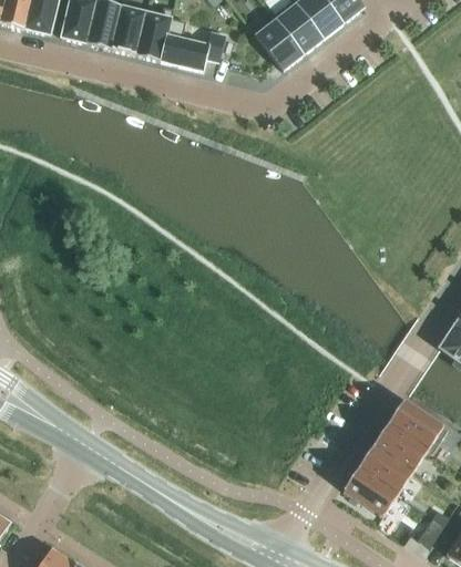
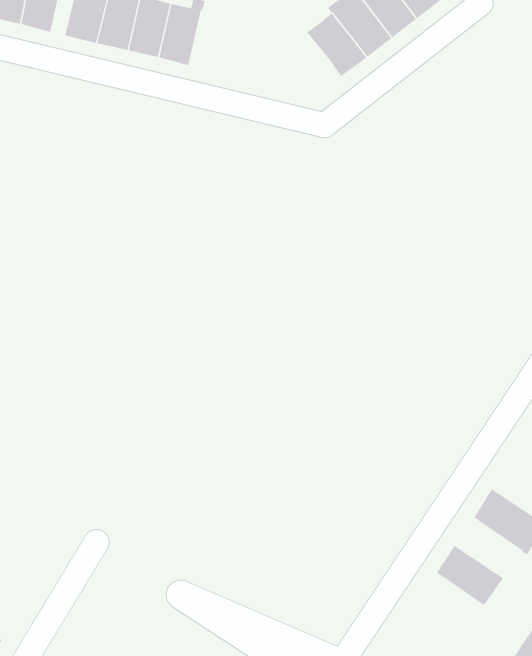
building: [161,17,226,71] -> none
building: [373,423,428,472] -> none
building: [344,467,398,517] -> none

